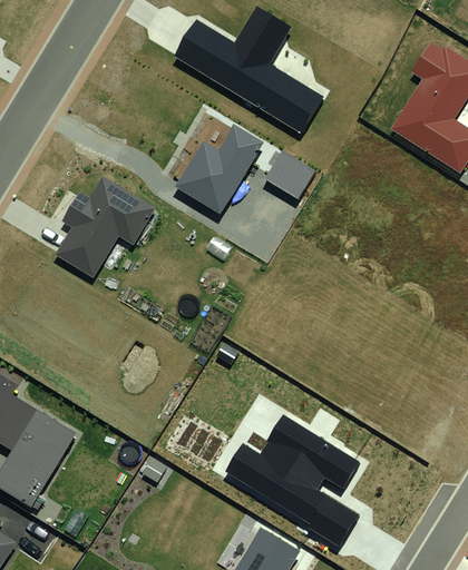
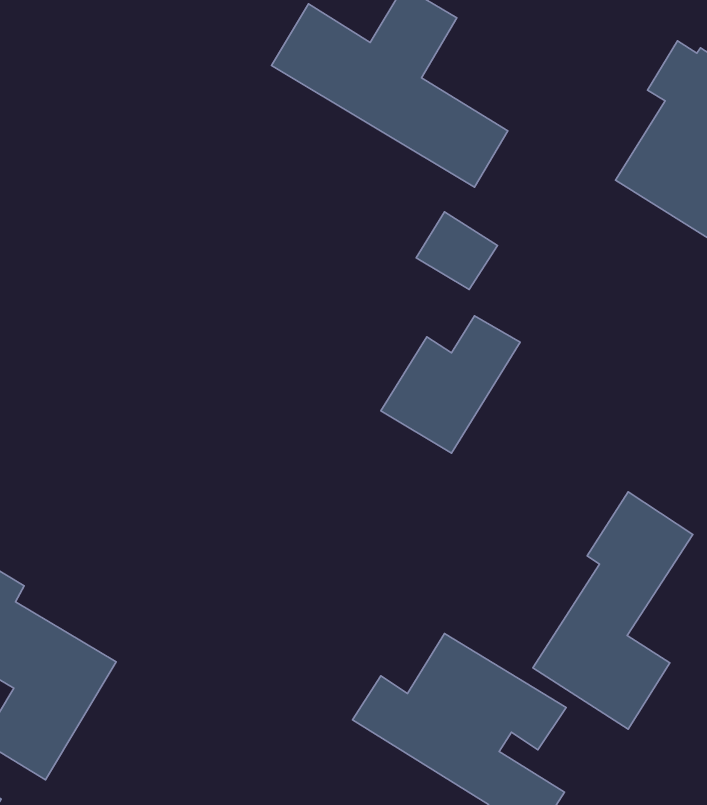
building: [174,126,262,213] -> [381,316,520,453]
building: [55,176,154,277] -> none
building: none -> [533,492,693,729]

